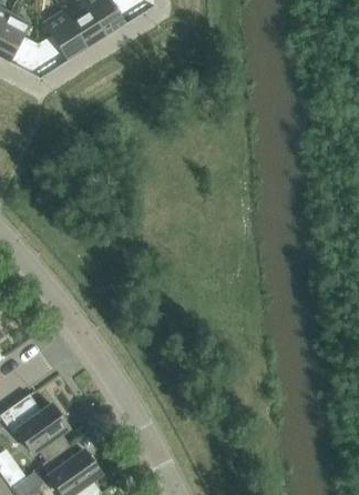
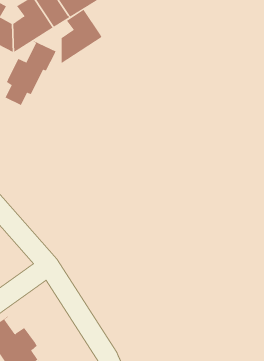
building: none -> [61,9,102,64]
building: none -> [5,40,57,106]

